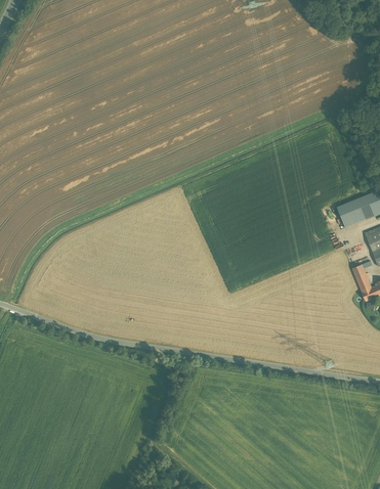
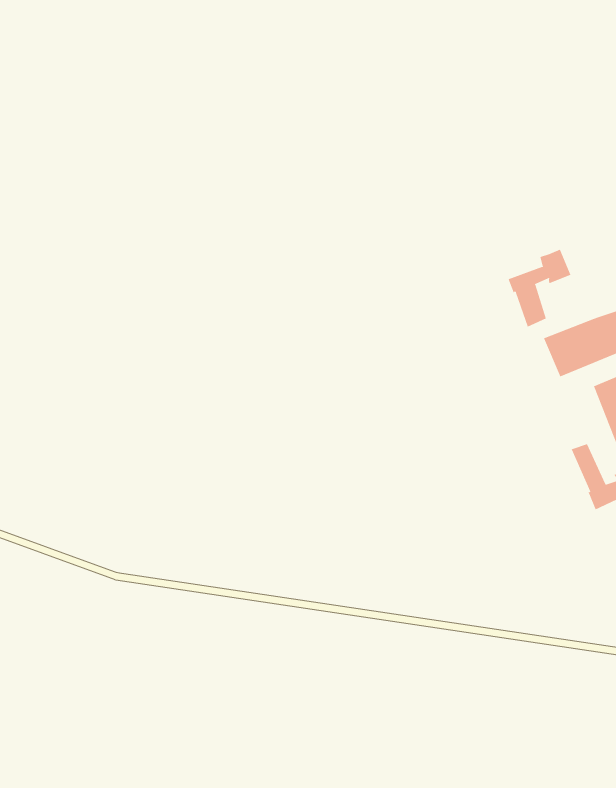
building: none -> [508,249,571,327]

